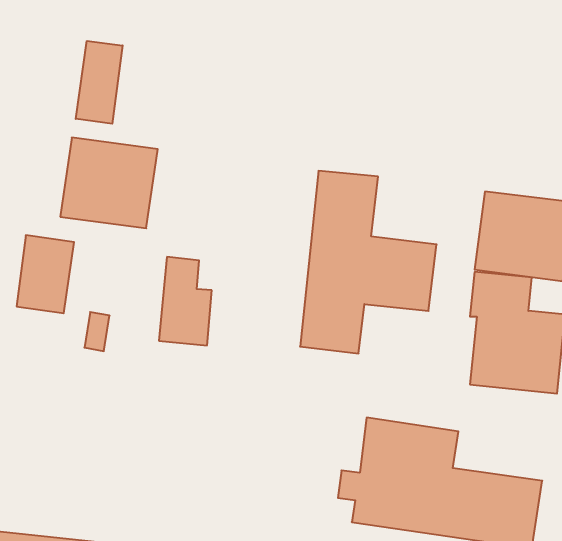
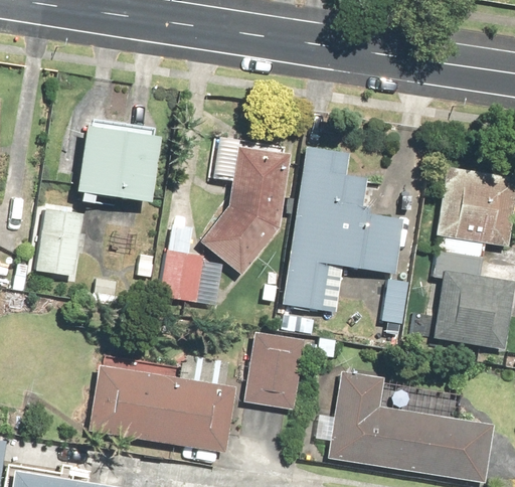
building: [76,41,123,124] -> none
building: none -> [199,143,288,275]
building: none -> [245,334,307,410]
building: none -> [90,353,234,454]

